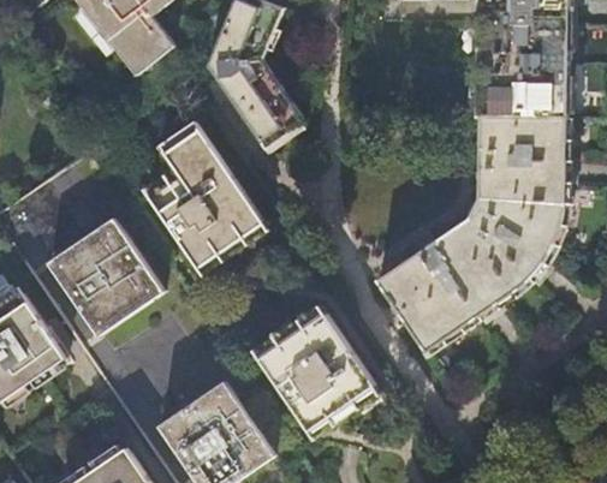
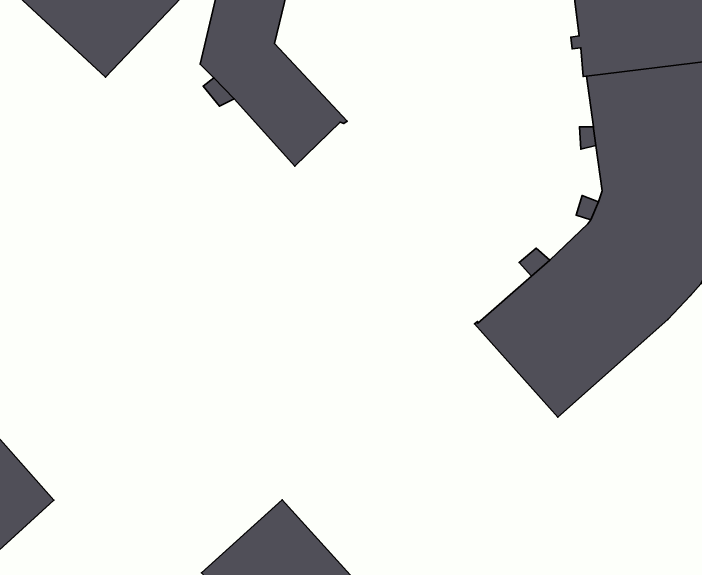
building: [148,123,263,269] -> none
building: [49,219,162,335] -> none
building: [258,314,376,431] -> none

